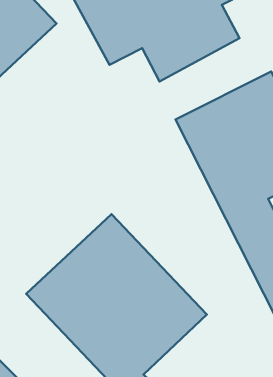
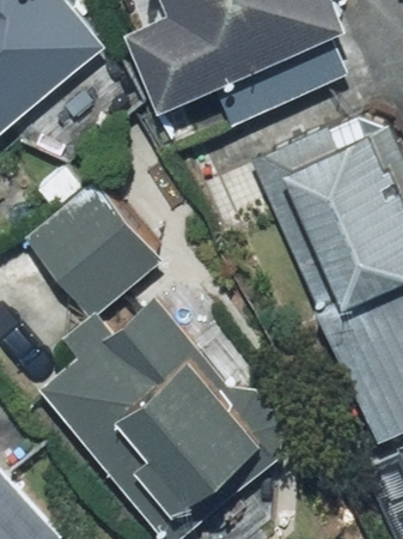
building: none -> [28,177,157,314]

